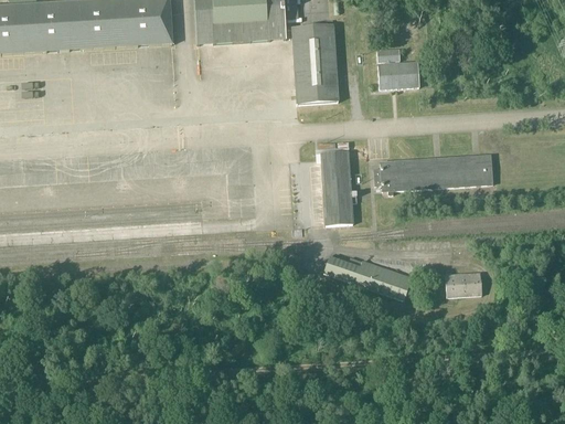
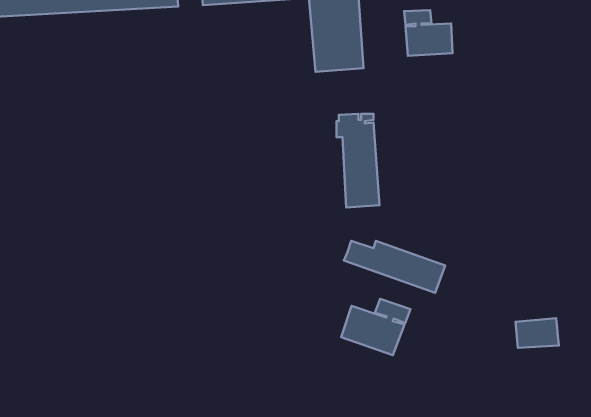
building: [373,153,494,191] -> none
building: [445,272,483,298] -> [515,318,559,348]
building: none -> [341,299,411,355]

